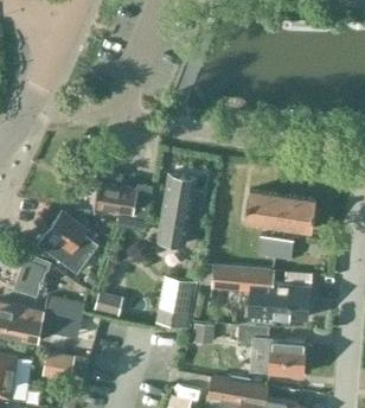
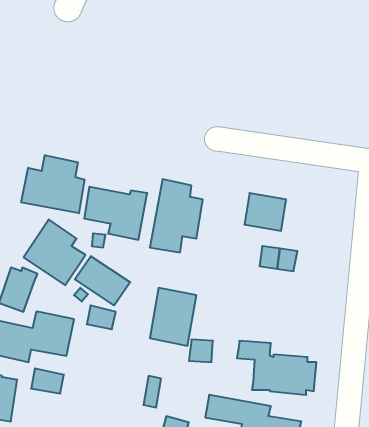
building: none -> [21,155,85,213]
building: [278,193,319,229] -> none
building: none -> [75,256,130,305]
building: [200,267,310,325] -> none

